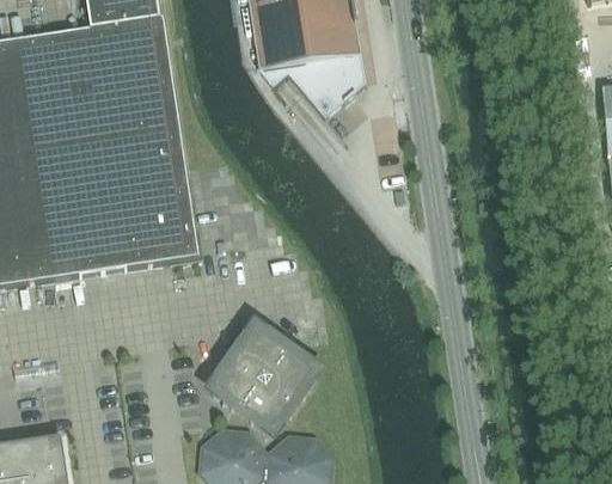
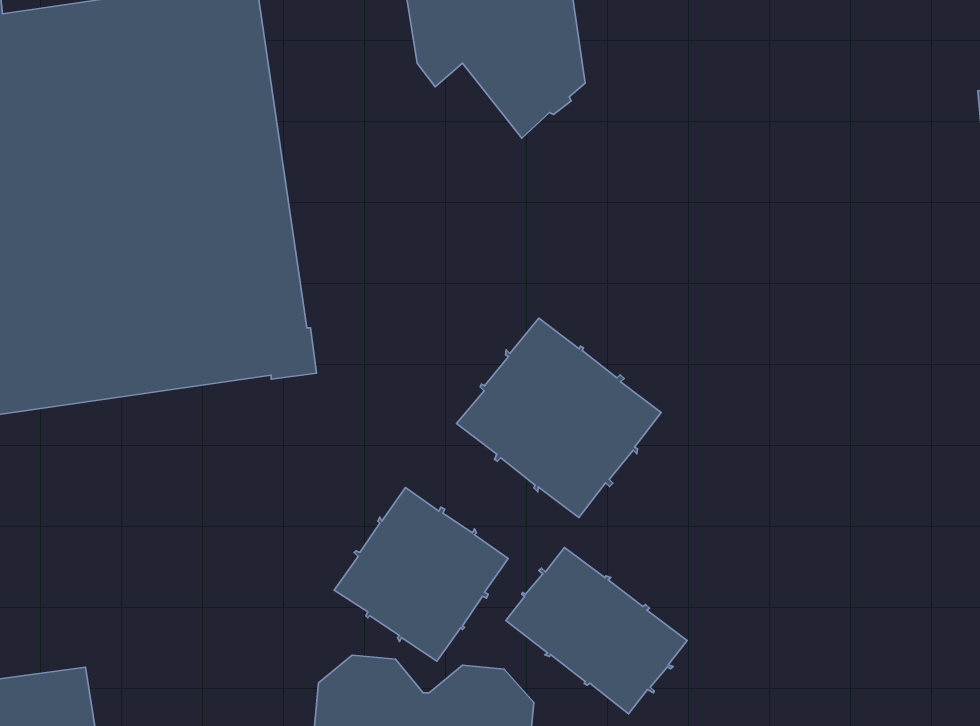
building: none -> [456,318,661,518]
building: none -> [506,548,687,714]

